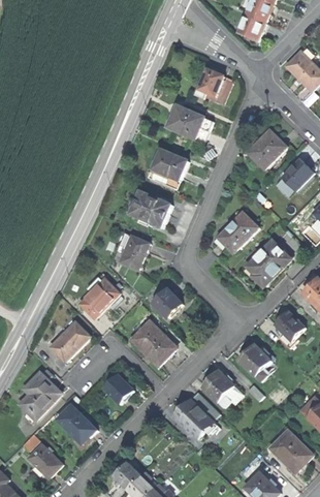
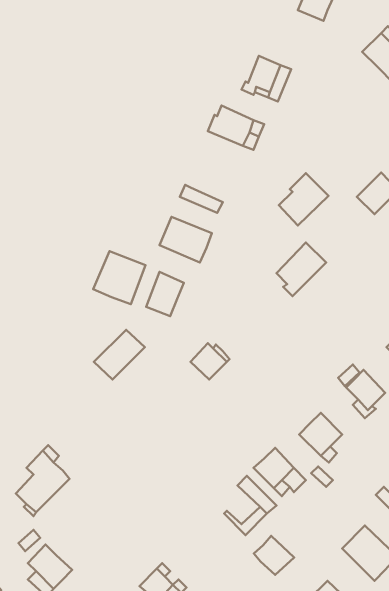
building: [248,128,286,168] -> [279,173,329,225]
building: [153,149,186,180] -> none
building: none -> [93,251,146,304]
building: [246,239,288,283] -> none
building: [130,319,174,364] -> none
building: [50,321,88,360] -> none
building: [103,374,132,403] -> none
building: [175,398,206,428] -> [254,536,294,575]
building: [57,404,95,443] -> none

